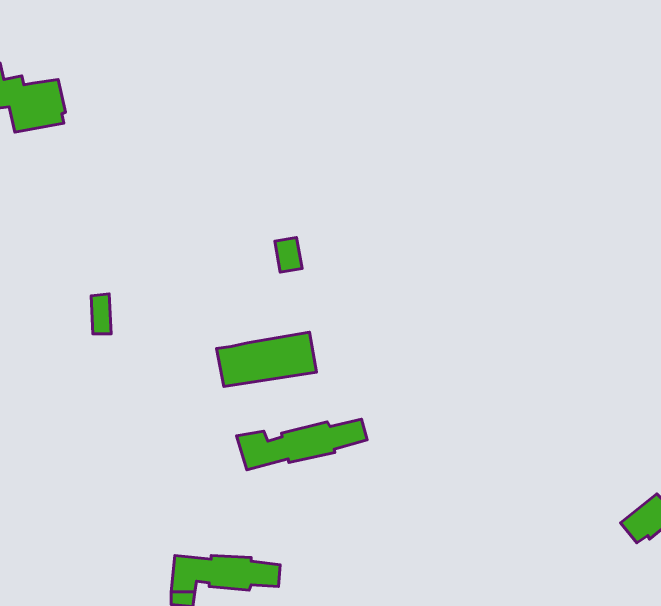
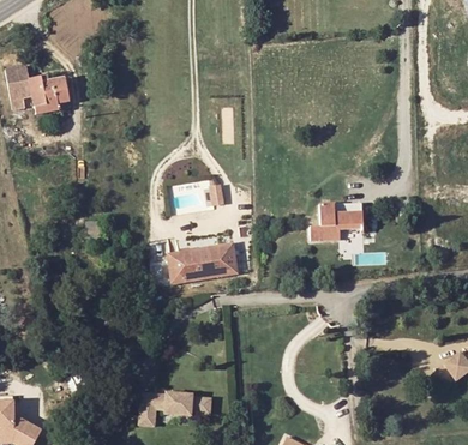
building: none -> [310,202,364,241]
building: [237,419,367,470] -> none

